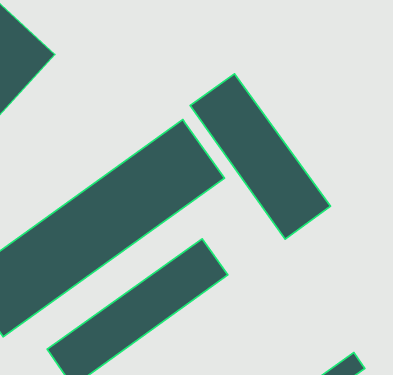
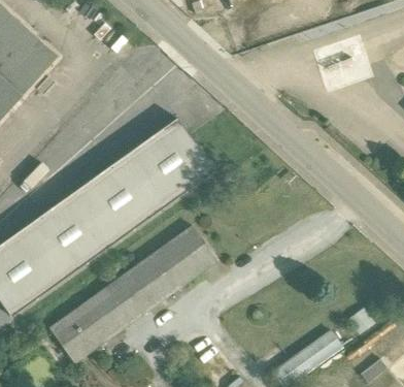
building: [190,74,330,239] -> none

